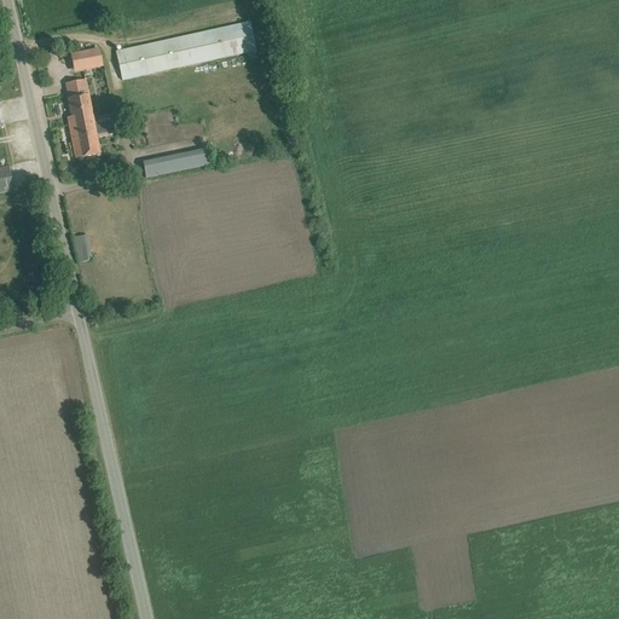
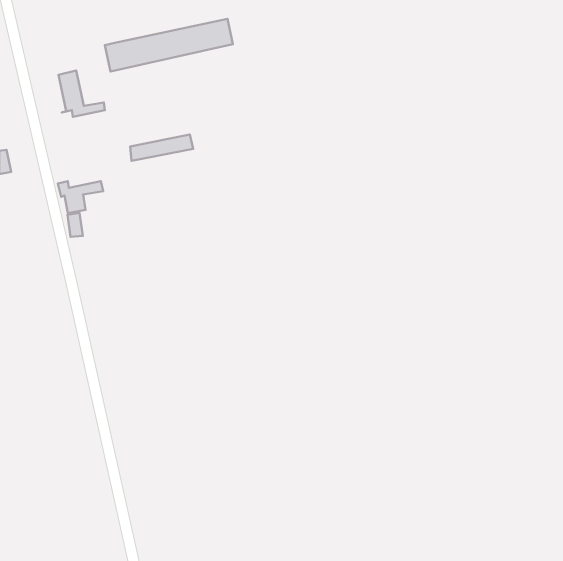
building: [69,46,102,71] -> none
building: [68,121,117,156] -> [58,181,103,213]

